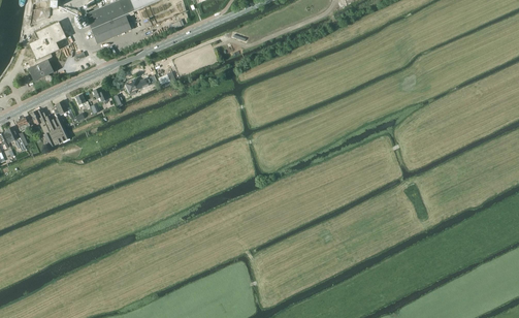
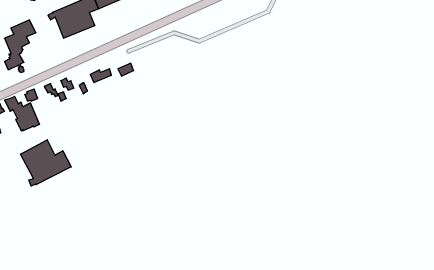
building: none -> [20,140,71,186]

